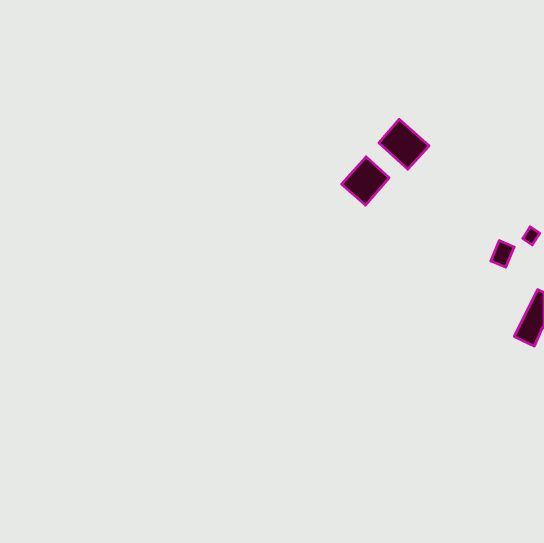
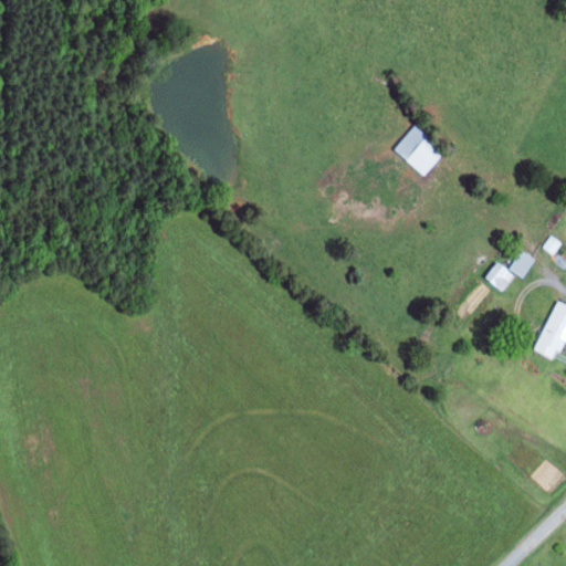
building: [342,157,389,205] -> none
building: none -> [484,262,514,292]

